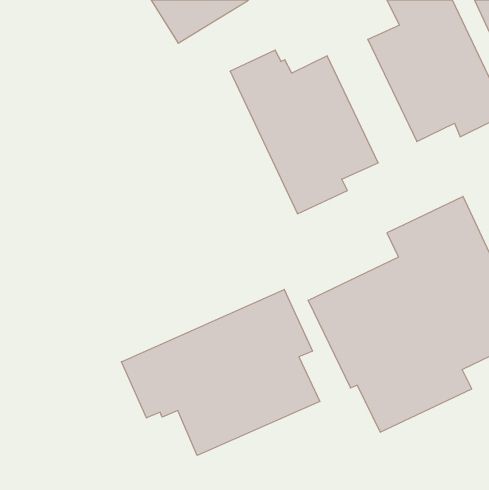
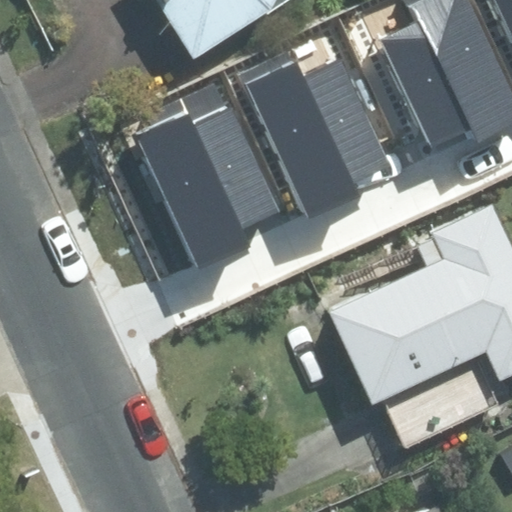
building: none -> [131,79,281,270]
building: [121,289,320,455] -> none

